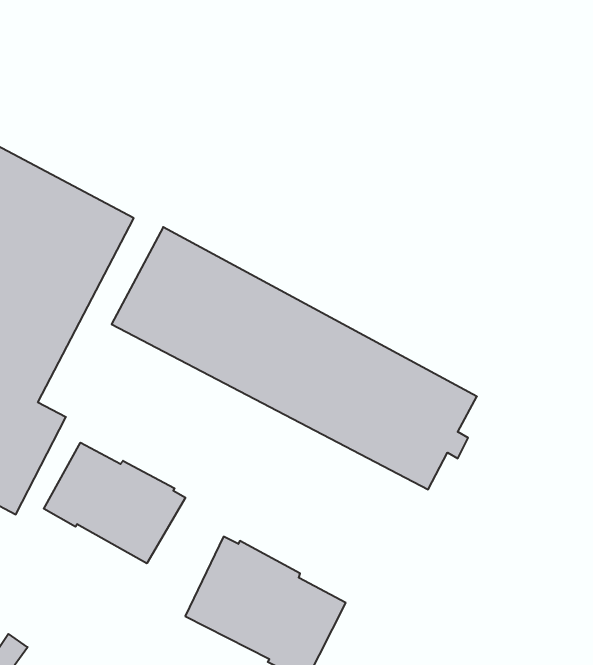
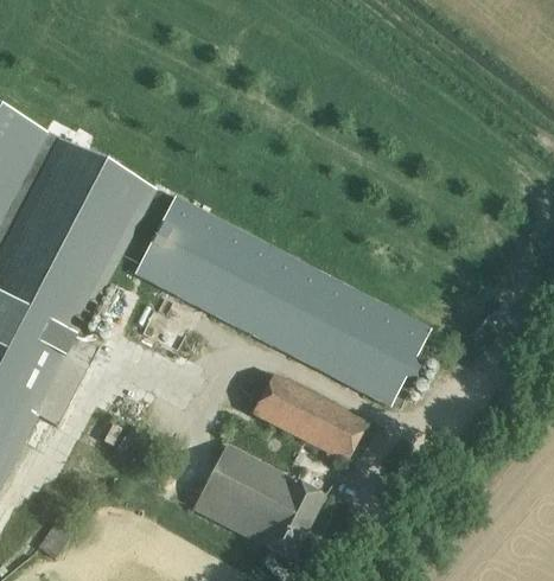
building: [44,443,185,563] -> none
building: none -> [242,370,367,462]

